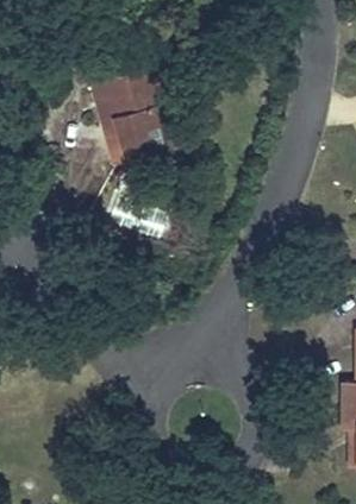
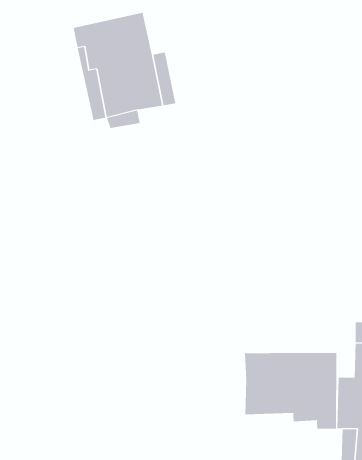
building: none -> [244,352,337,429]

